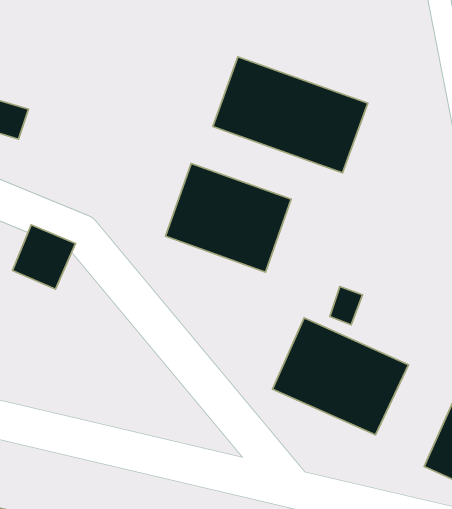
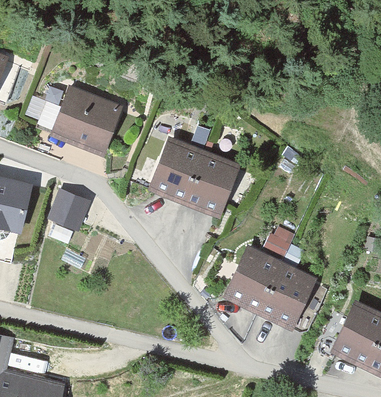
building: [213,57,368,173] -> none
building: none -> [51,90,121,154]

